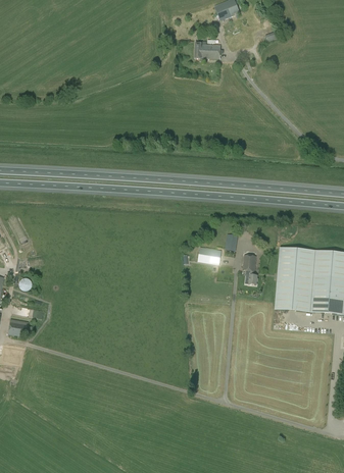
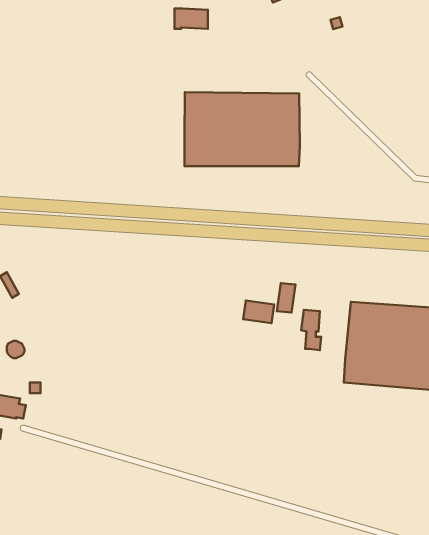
building: [195,42,220,57] -> [174,9,208,29]
building: none -> [185,92,300,166]

